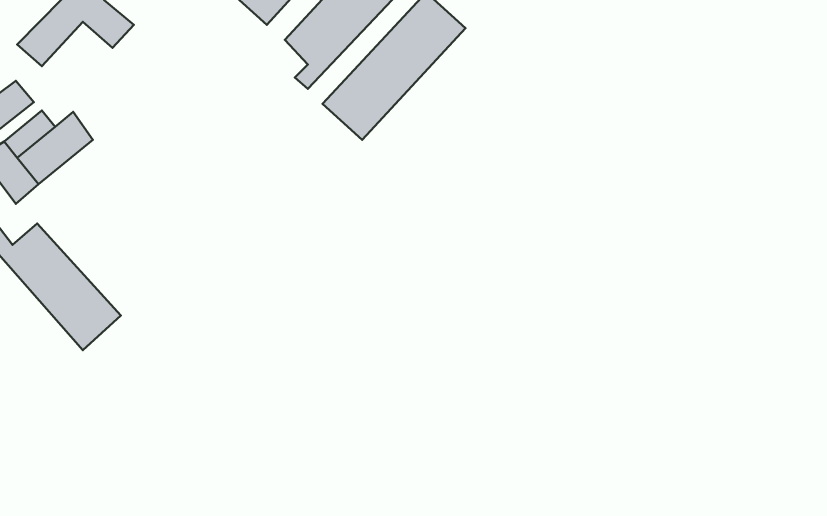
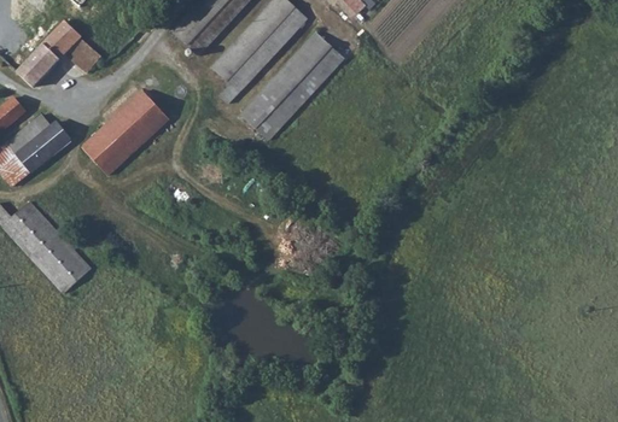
building: none -> [82,90,170,176]

